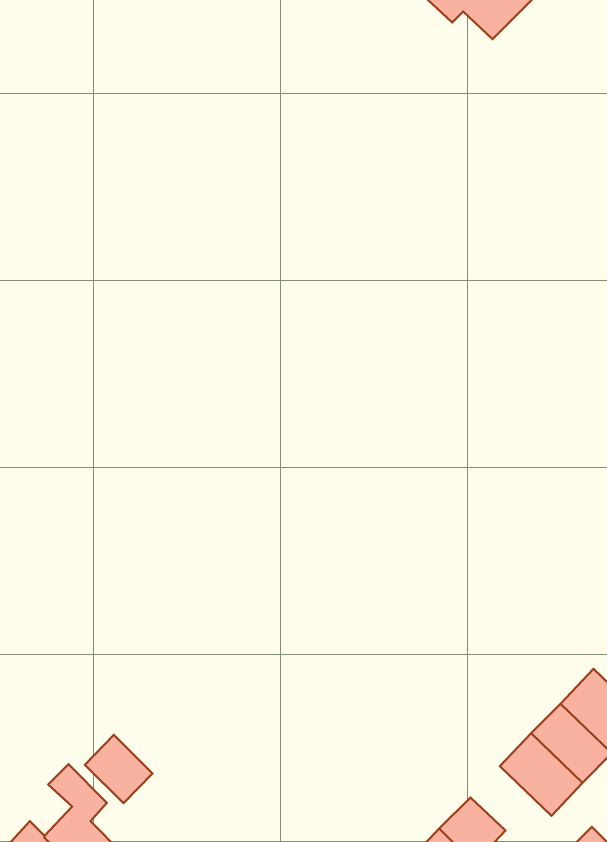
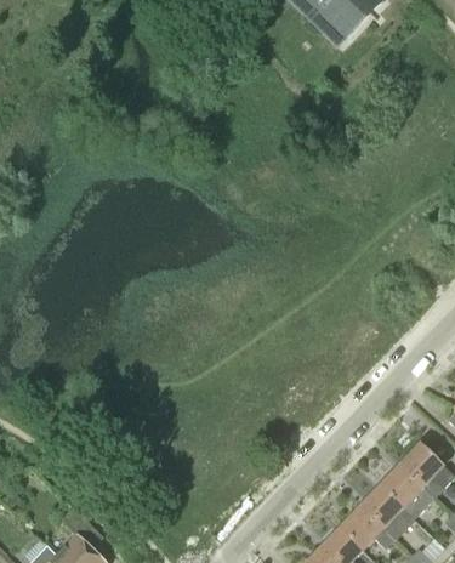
building: [85,735,153,803] -> none
building: none -> [339,508,392,551]

